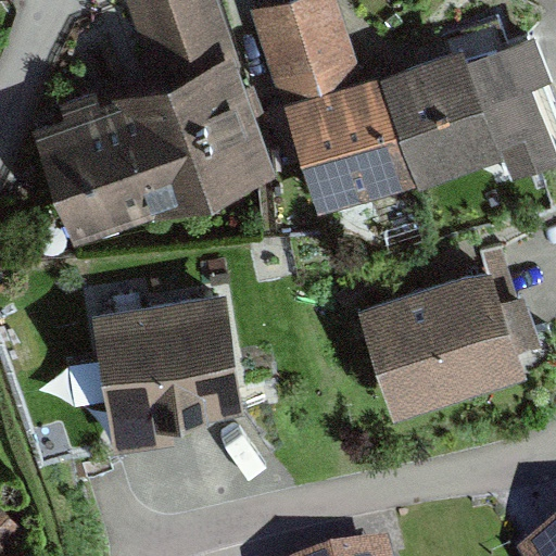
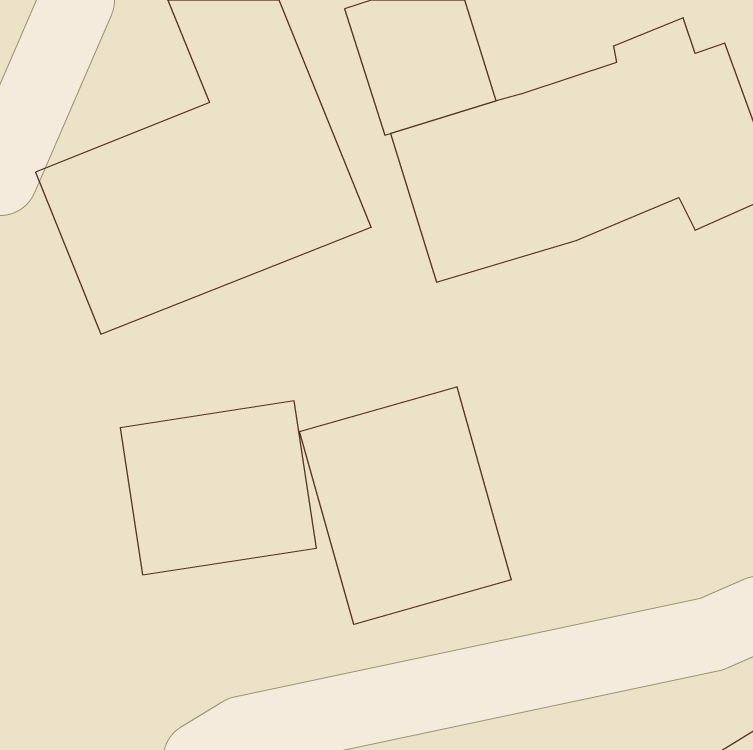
building: [357,270,521,419] -> none
building: none -> [300,387,511,624]

